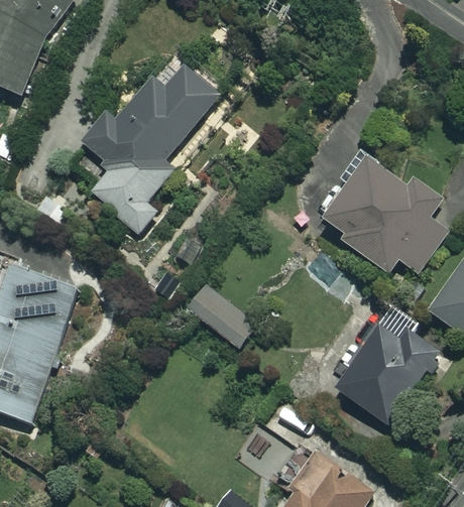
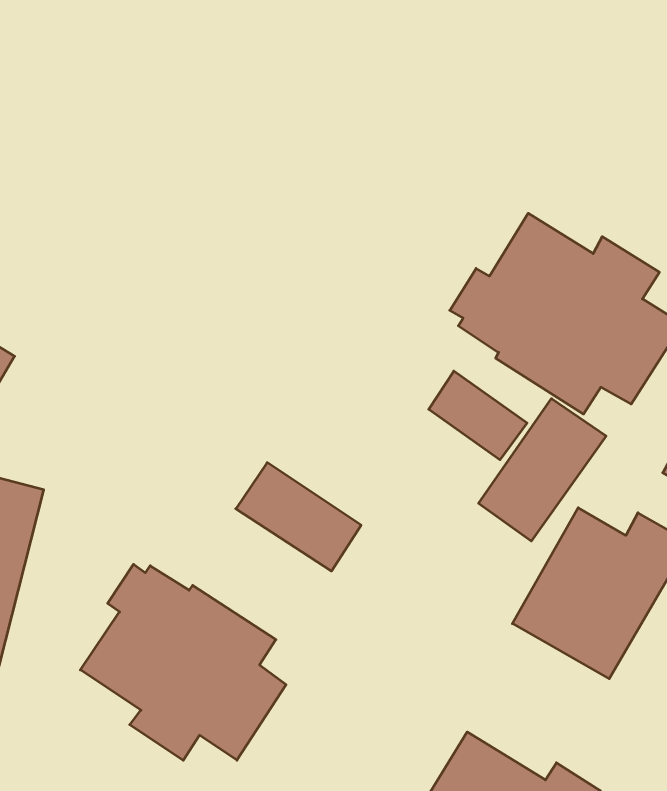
building: [83,65,219,233] -> none
building: none -> [479,399,606,541]
building: none -> [80,564,286,760]

